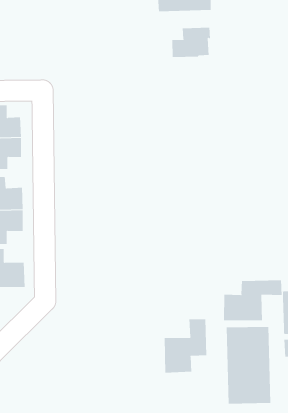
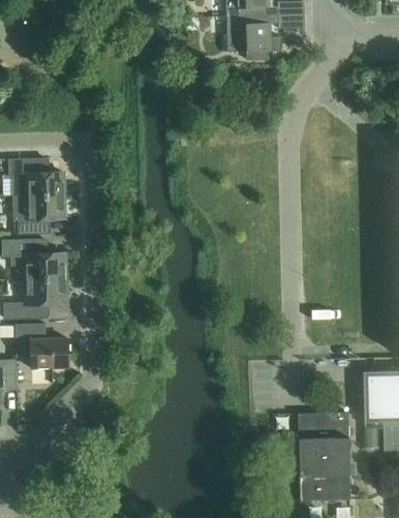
building: [172,27,211,58] -> none
building: [223,280,282,321] -> none
building: [164,319,207,373] -> none

